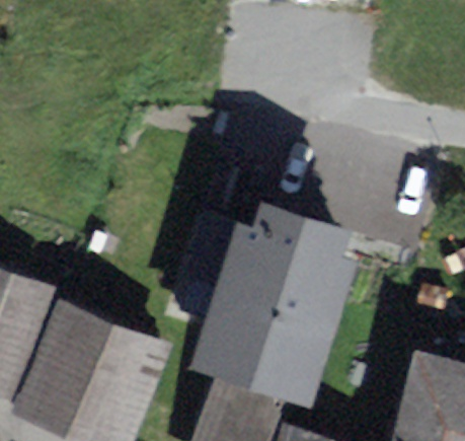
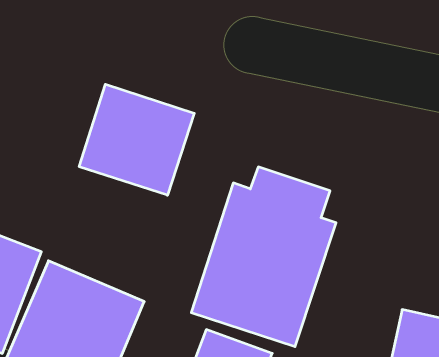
building: none -> [79,84,194,195]

